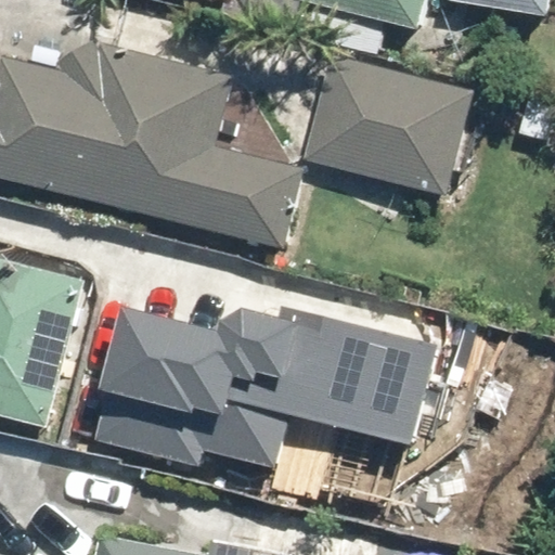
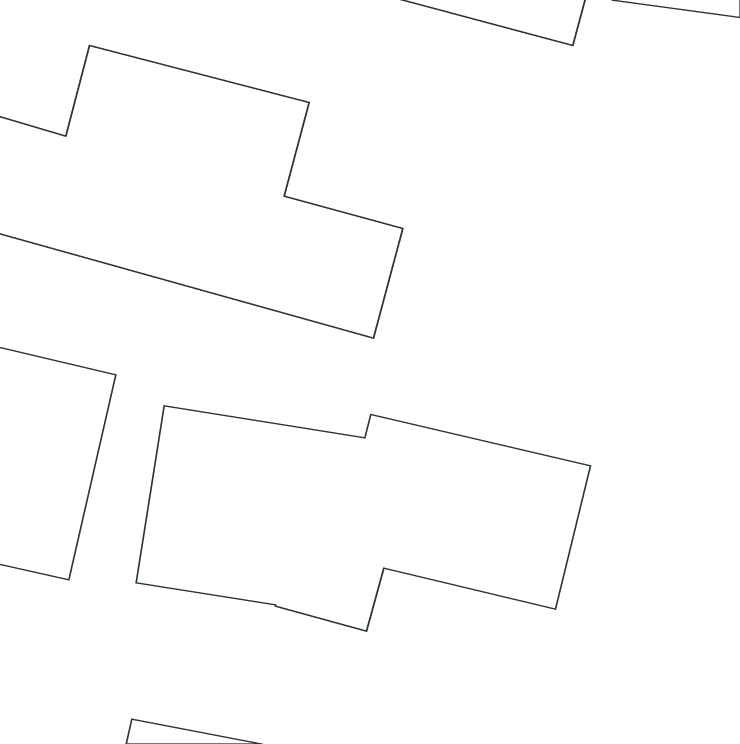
building: [296,51,476,195] -> none

